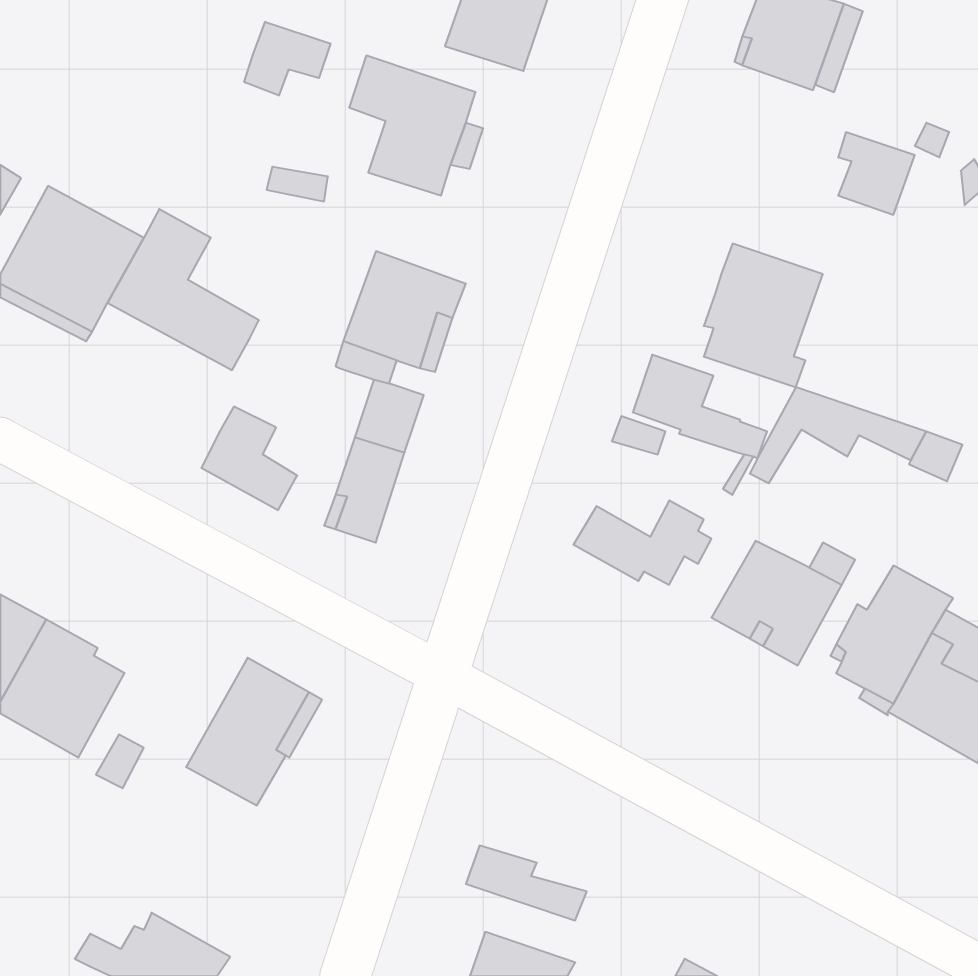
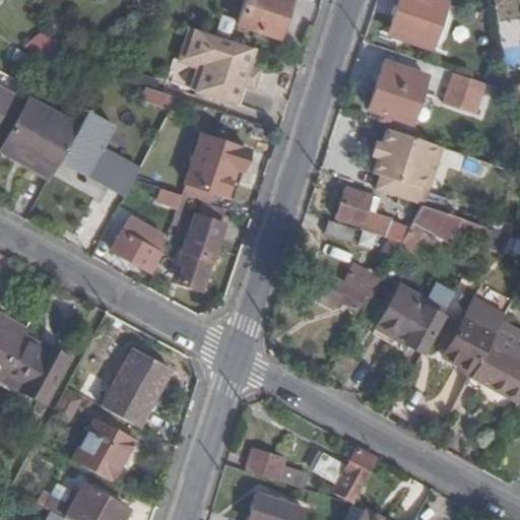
building: [244,22,330,96] -> none
building: none -> [370,61,428,123]
building: none -> [71,418,135,481]
building: none -> [315,448,378,503]

